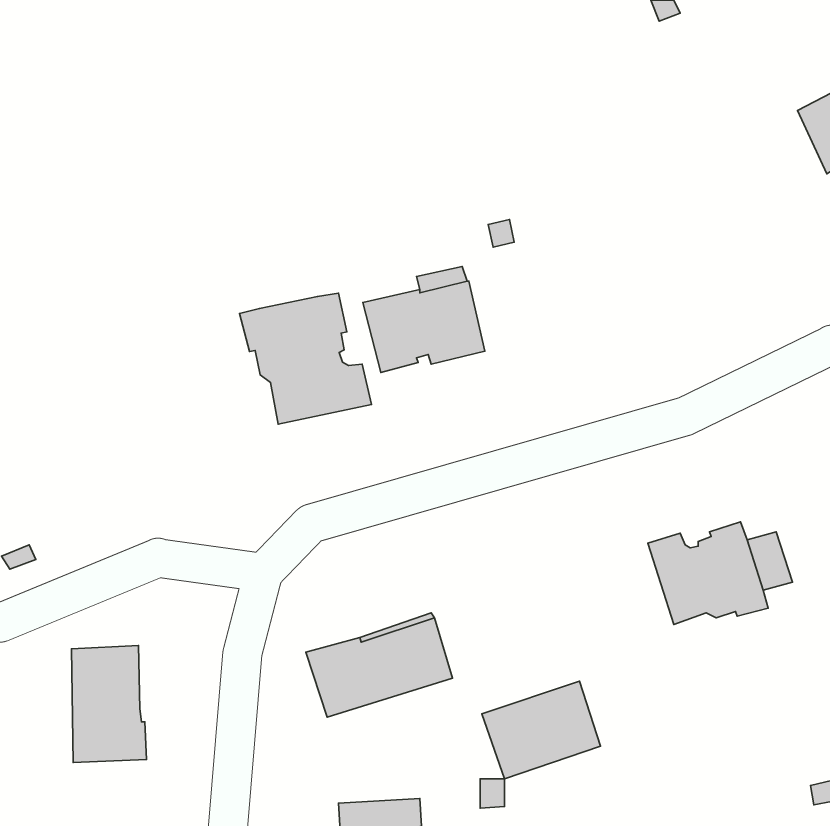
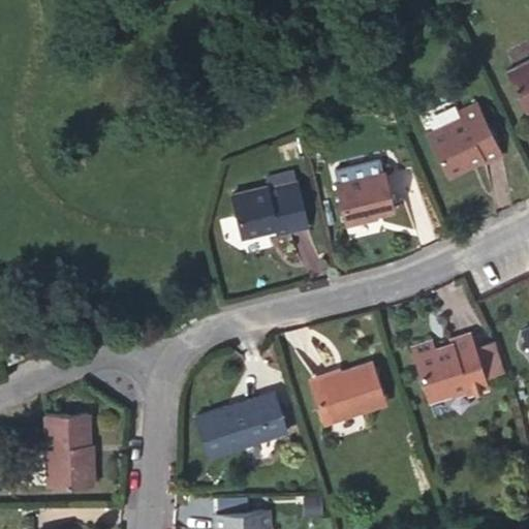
building: none -> [429,104,503,178]
building: none -> [337,174,394,225]
building: [240,293,371,424] -> none
building: [482,681,601,779] -> [311,363,386,425]

